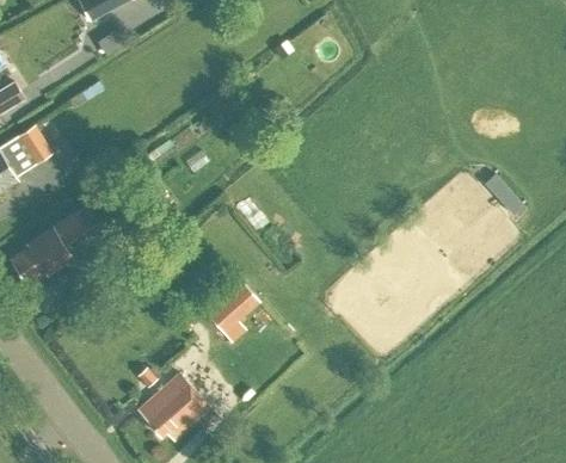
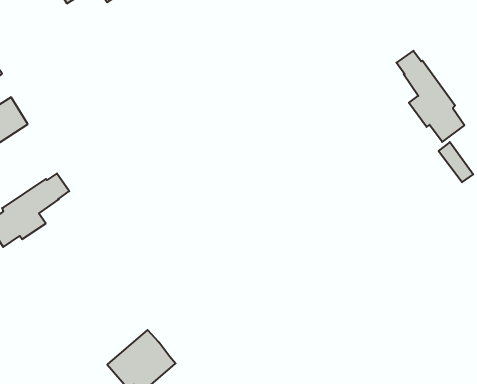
building: none -> [396,51,464,142]
building: [204,283,257,334] -> none

